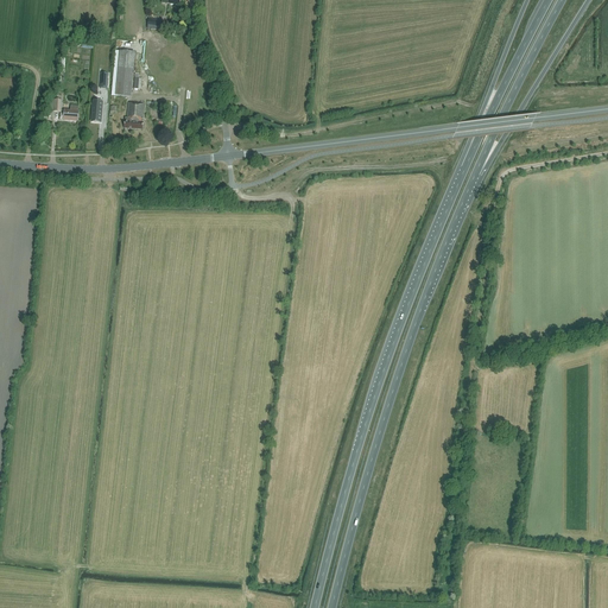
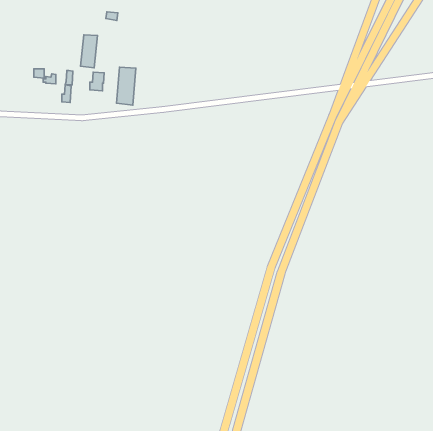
building: none -> [116,67,136,105]

